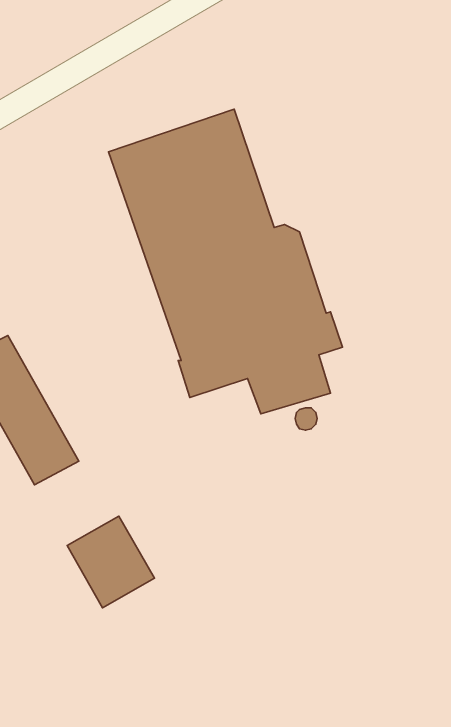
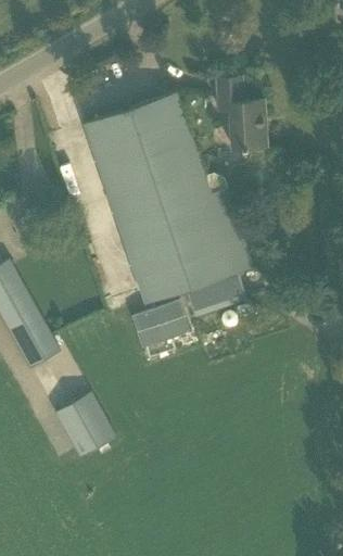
building: none -> [216,77,266,150]
building: none -> [131,300,191,348]

